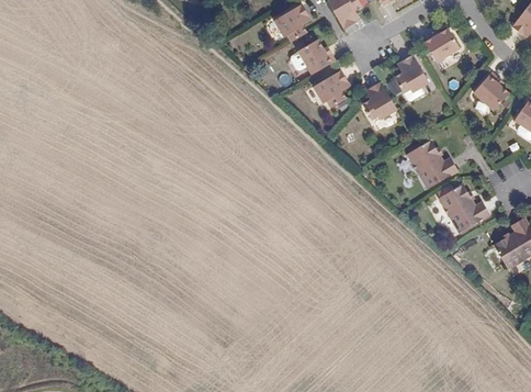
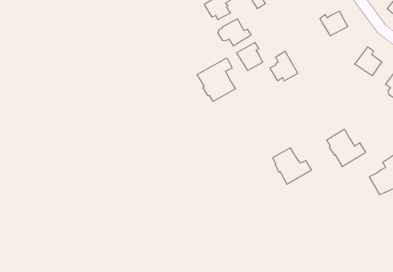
building: [395,55,430,93] -> none
building: none -> [197,58,236,101]
building: [405,139,455,187] -> [273,148,312,184]

